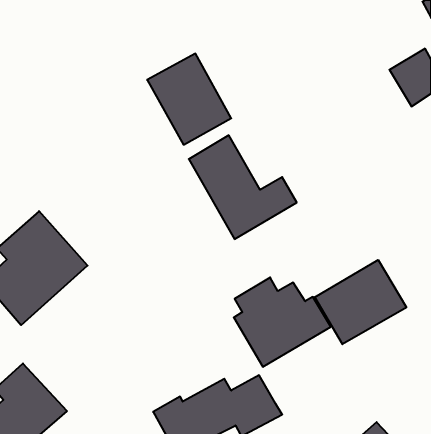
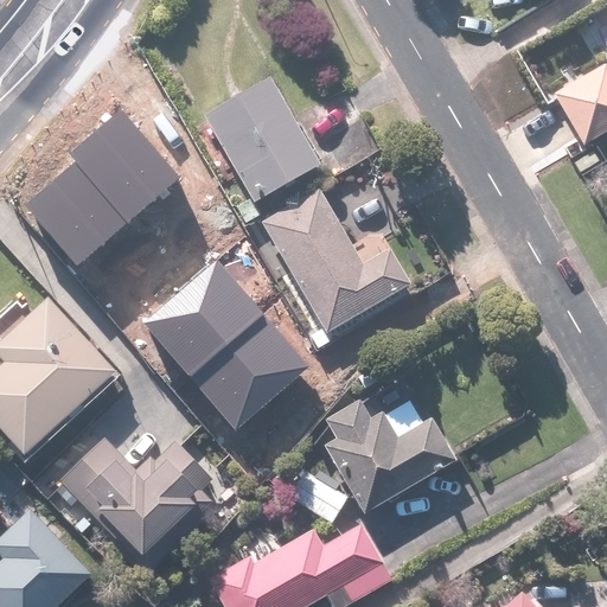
building: none -> [20,113,175,270]
building: none -> [140,263,304,432]
building: [315,260,406,344] -> none
building: none -> [59,433,216,570]

